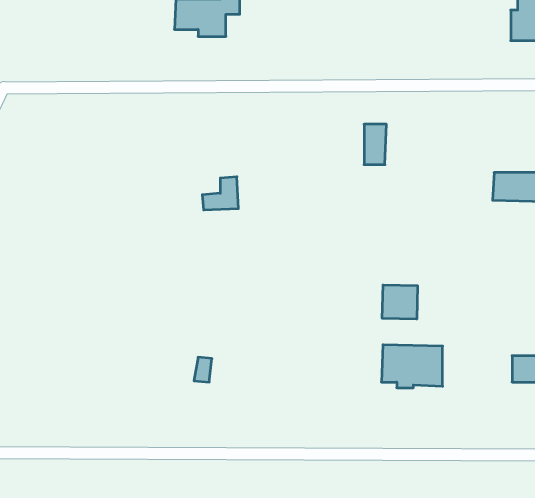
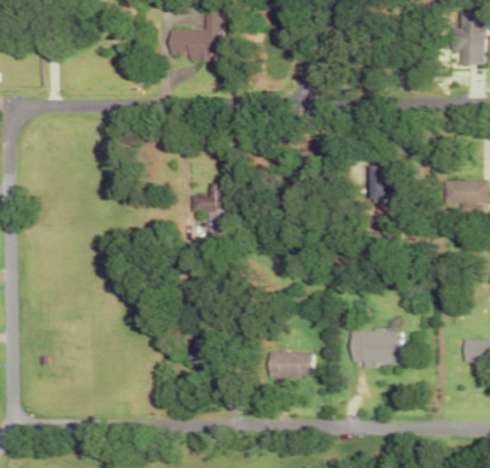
building: [364,124,386,165] -> [369,165,389,200]
building: [382,285,417,319] -> none
building: none -> [266,351,314,378]

